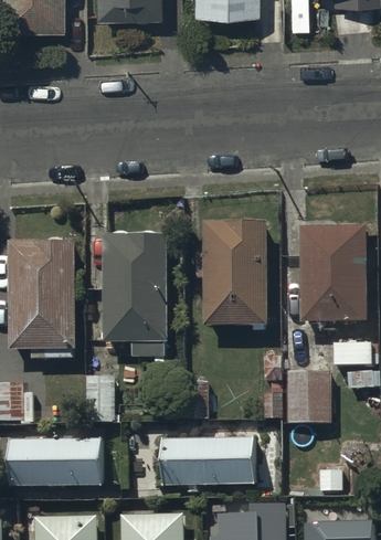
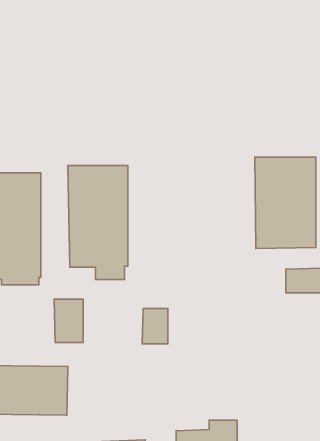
building: [193,216,264,321] -> none
building: [285,379,330,428] -> none
building: [161,441,255,494] -> none

